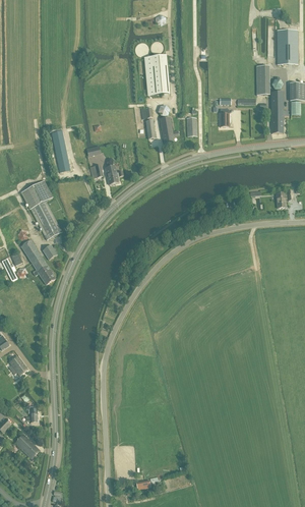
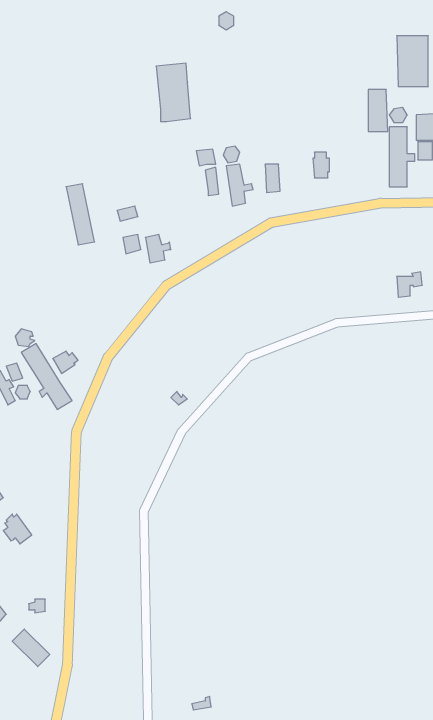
building: [144,54,168,94] -> [156,63,191,122]
building: [21,179,61,238] -> none

